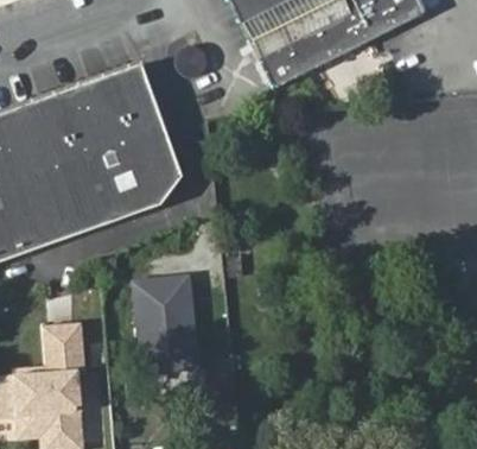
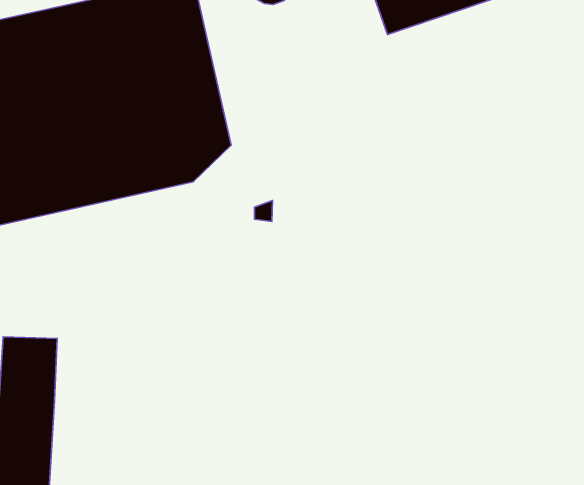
building: [142,274,197,369] -> none

